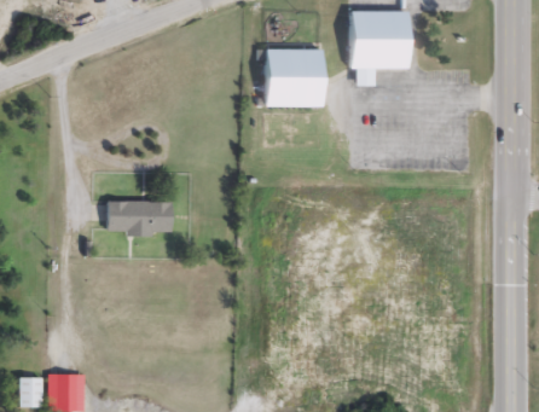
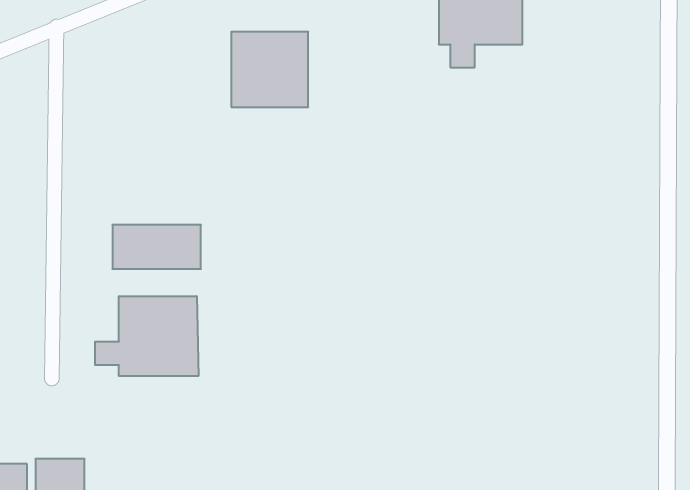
building: [263,50,320,105] -> [231,32,308,107]
building: none -> [95,296,198,376]

